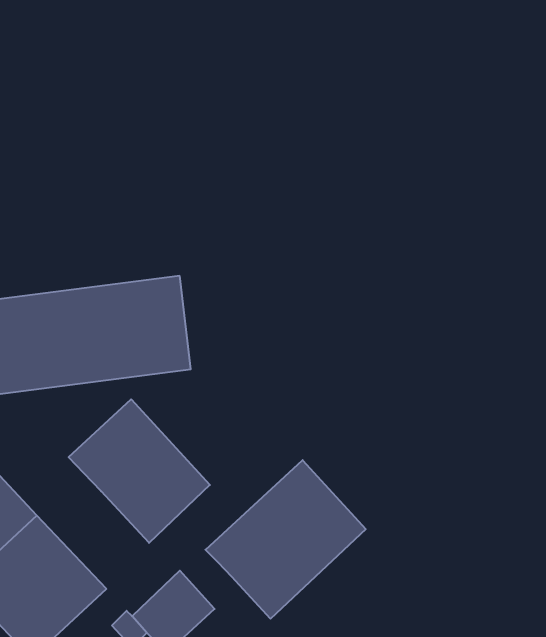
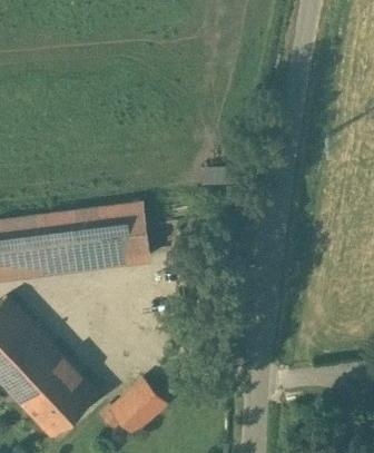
building: [69,399,210,543] -> none
building: [205,460,366,619] -> none

